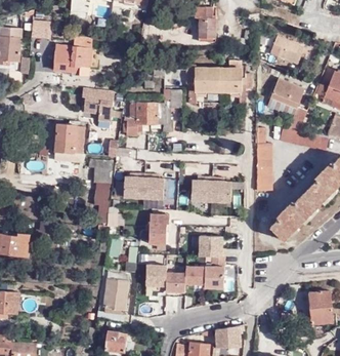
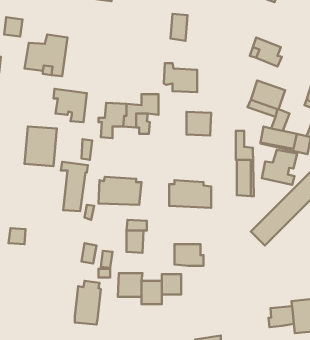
building: [219,71,243,93] -> [186,112,211,135]
building: none -> [262,150,297,185]
building: [204,259,225,291] -> none
building: none -> [269,306,294,327]

